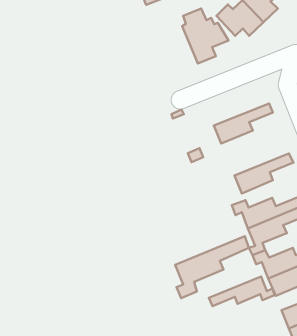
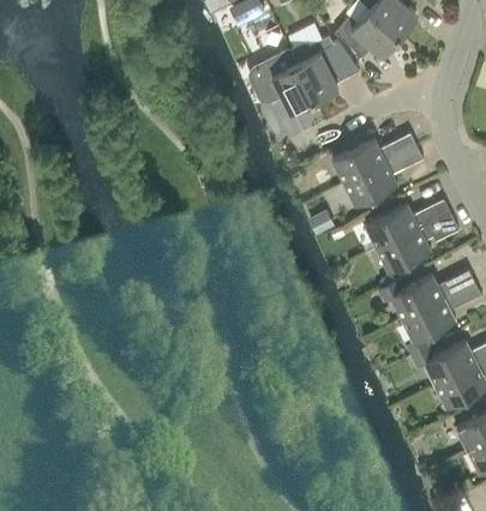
building: none -> [251,50,316,112]
building: none -> [332,133,418,182]
building: none -> [366,199,450,248]
building: [175,236,249,298] -> none
building: [209,276,275,306] -> none

